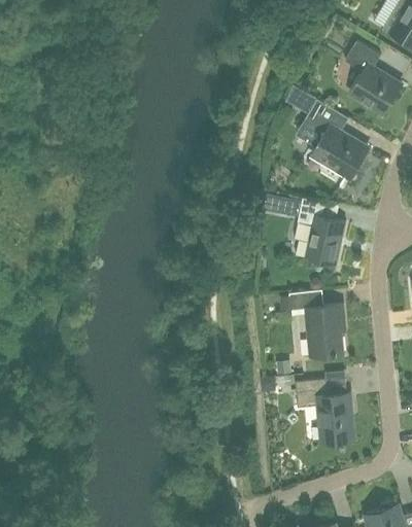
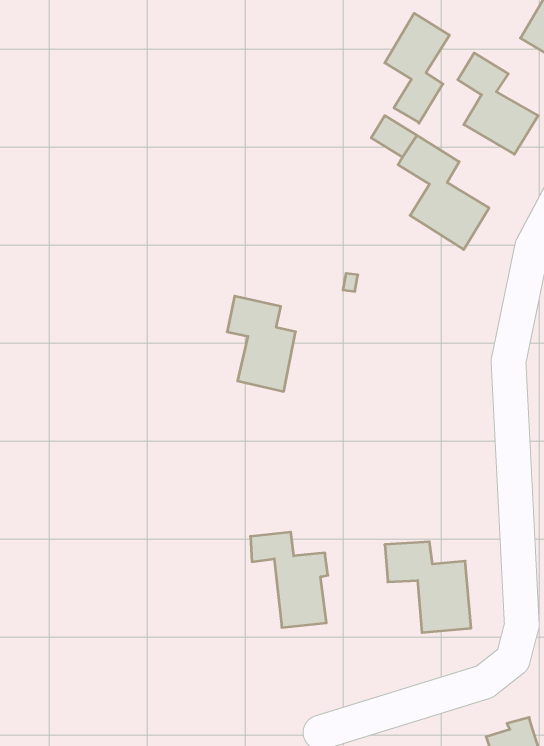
building: none -> [385,13,449,123]
building: [298,199,345,265] -> [227,296,296,391]
building: [289,291,343,357] -> [250,532,328,627]

